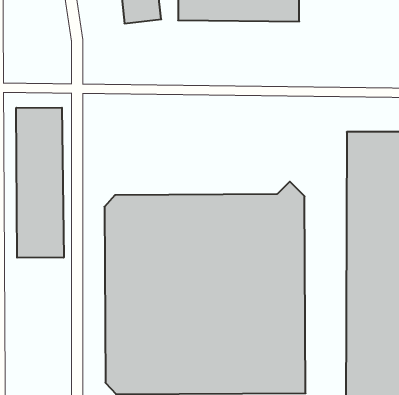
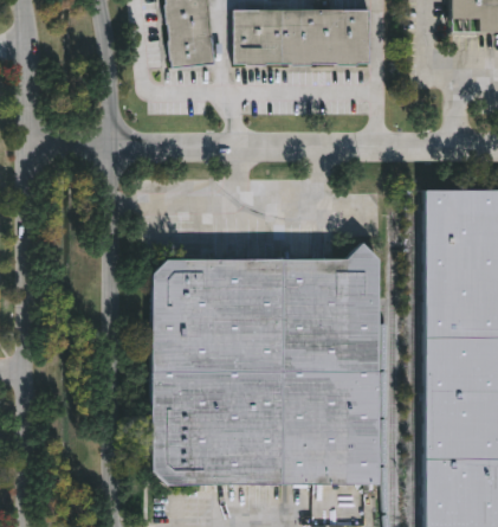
building: [16,108,64,258] -> none

